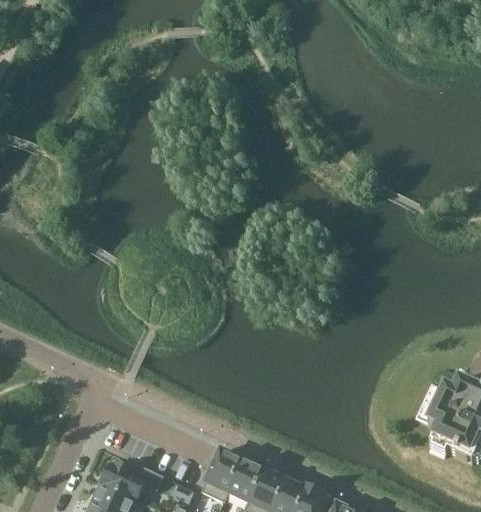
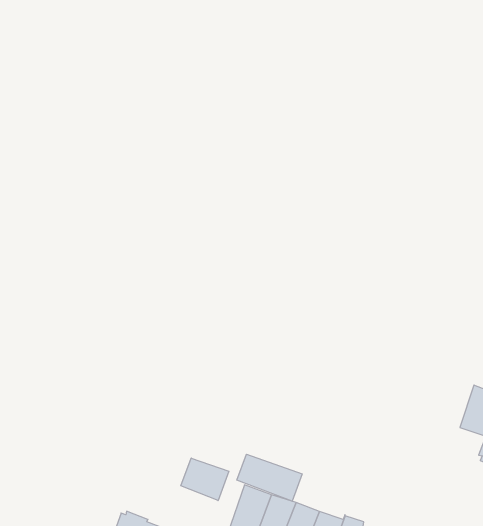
building: none -> [181,458,229,501]
building: none -> [237,454,302,501]

